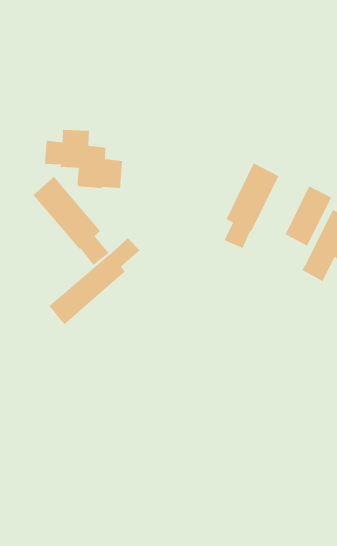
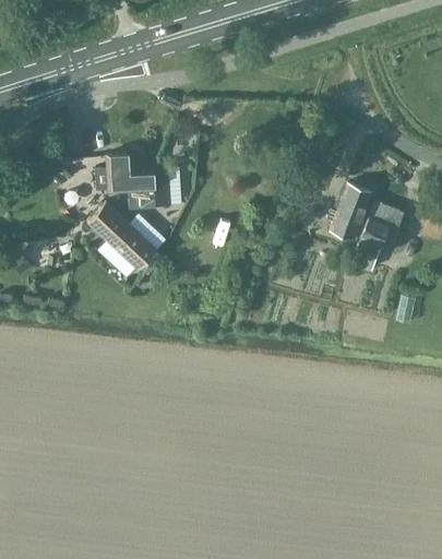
building: [224,163,279,249] -> none
building: [48,238,140,325] -> none

